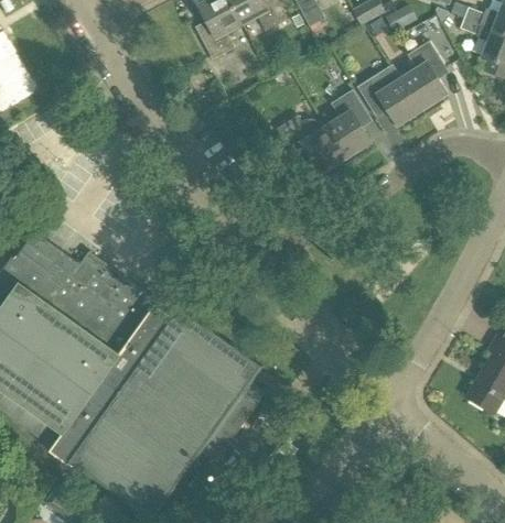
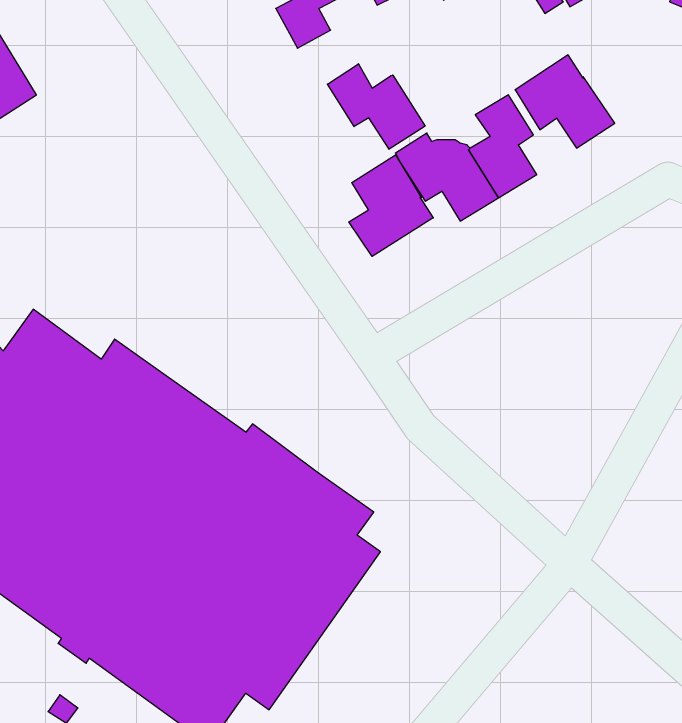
building: [400,40,445,108] -> none
building: none -> [327,64,425,149]
building: none -> [349,155,433,256]

